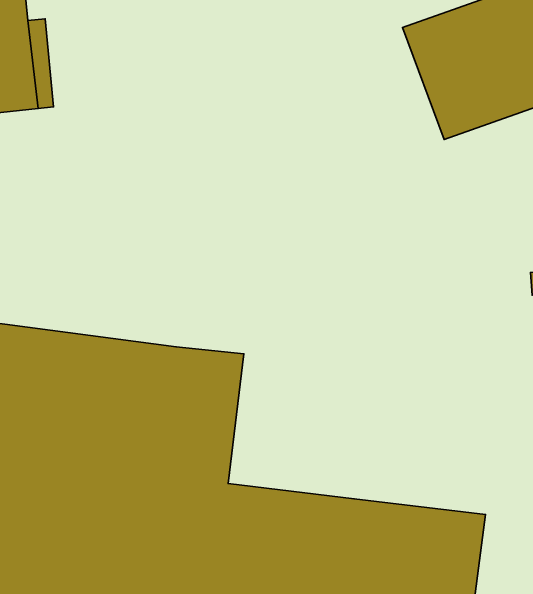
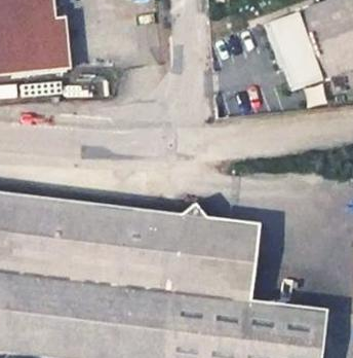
building: none -> [171,213,257,299]

